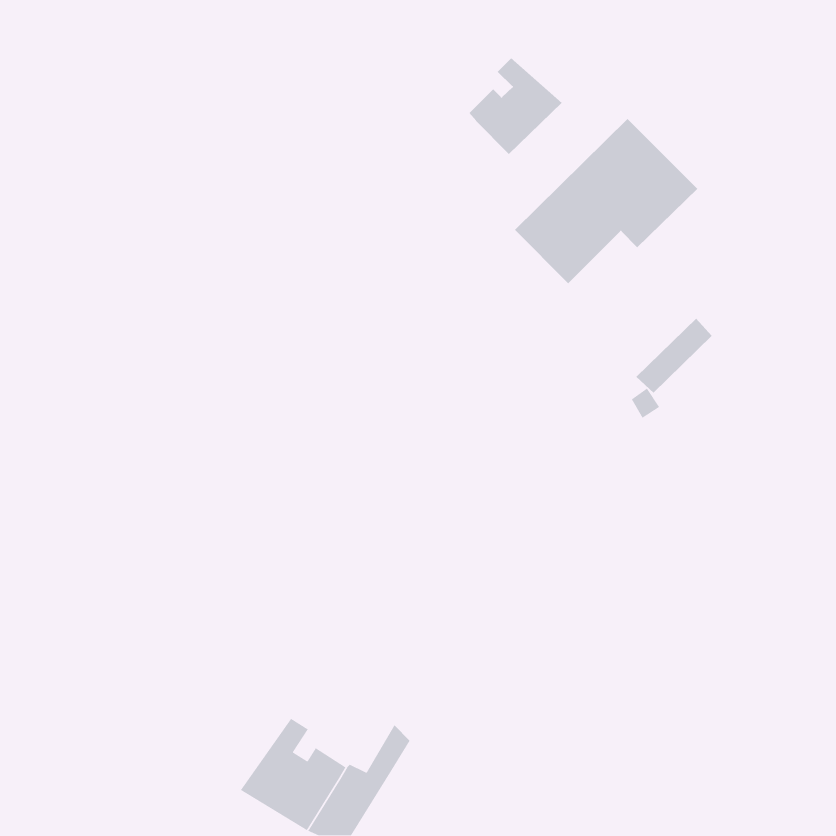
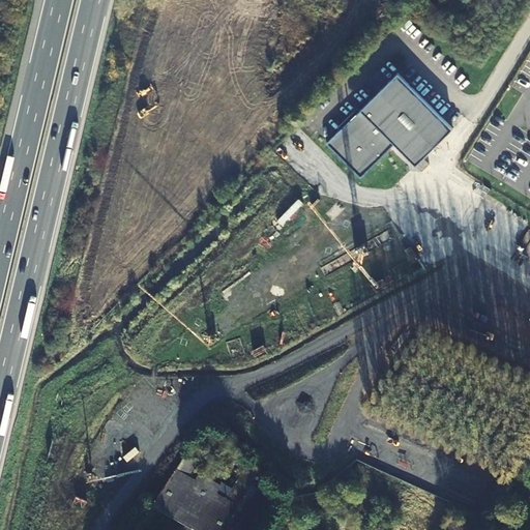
building: [468,58,562,155] -> none
building: [635,318,713,393] -> [402,119,450,167]

